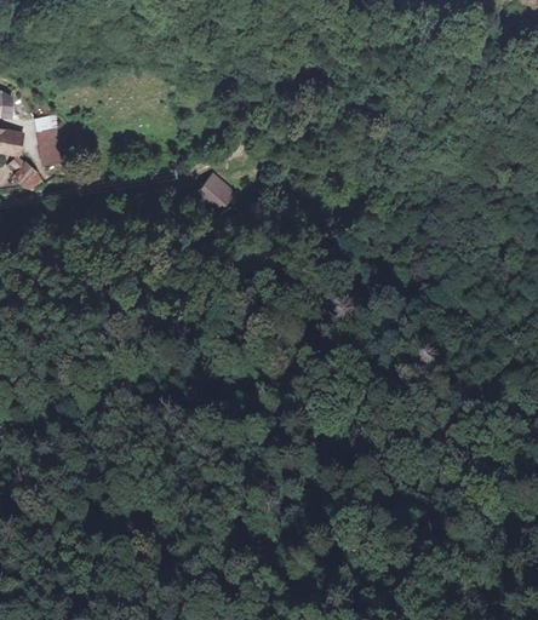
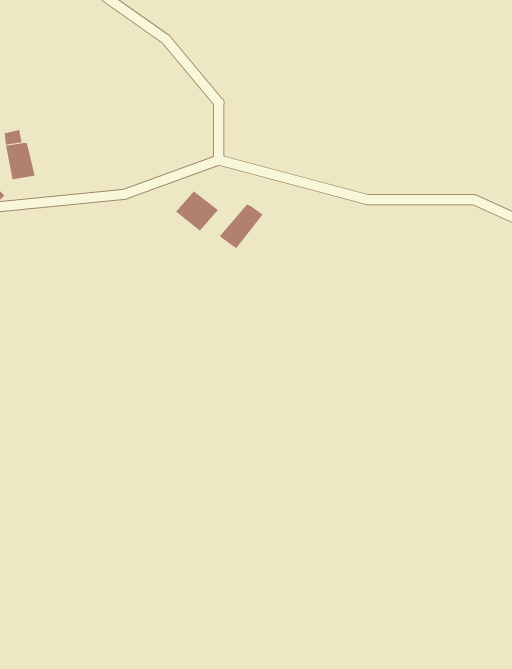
building: none -> [219,204,264,249]

